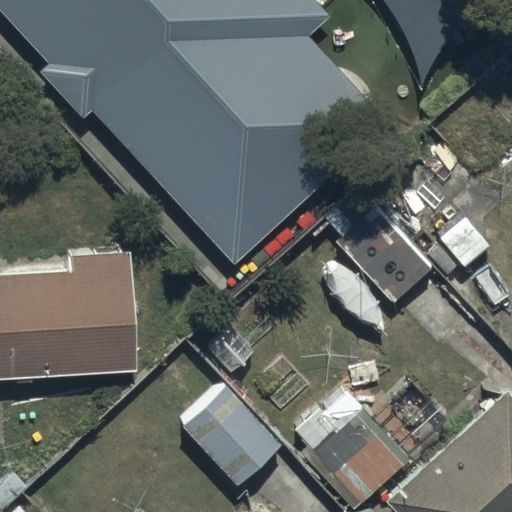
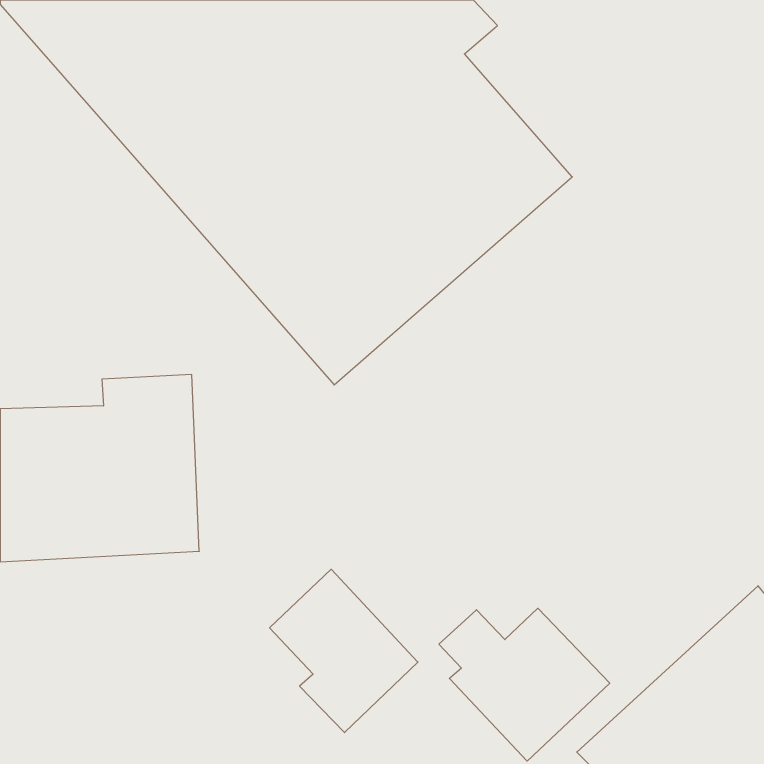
building: [324,189,431,302] -> none

